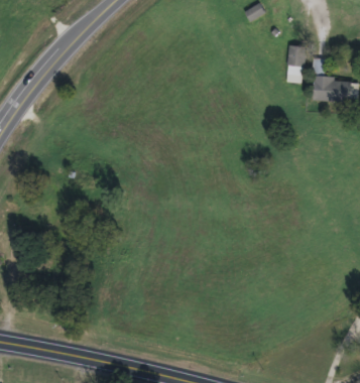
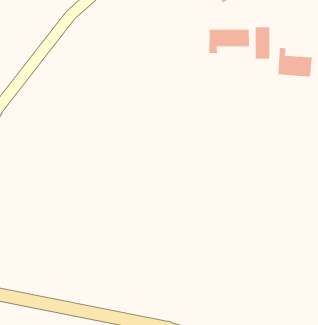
building: none -> [209,29,249,54]

